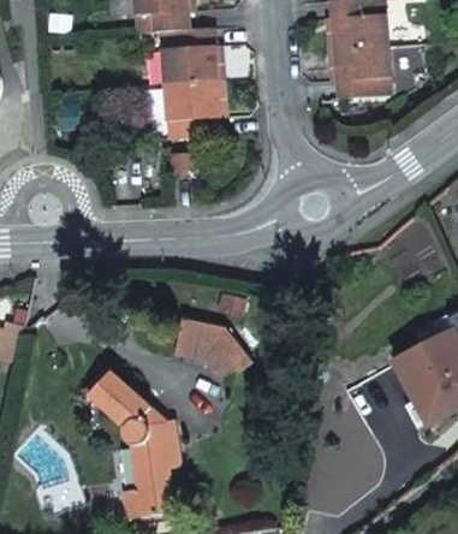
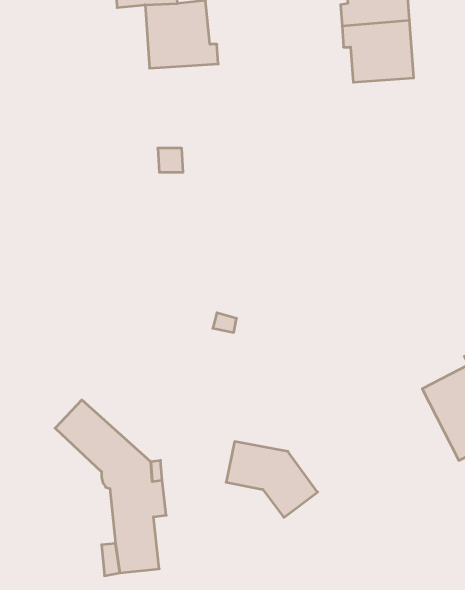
building: [166,83,226,141] -> none
building: [174,320,252,385] -> [226,442,318,517]

